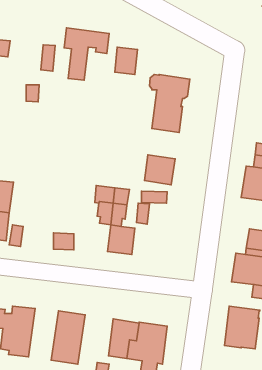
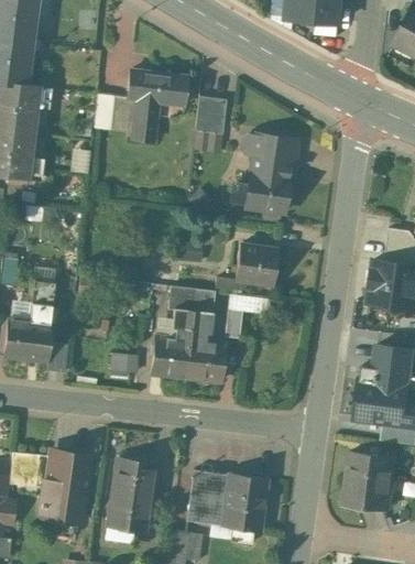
building: none -> [152,336,190,378]

